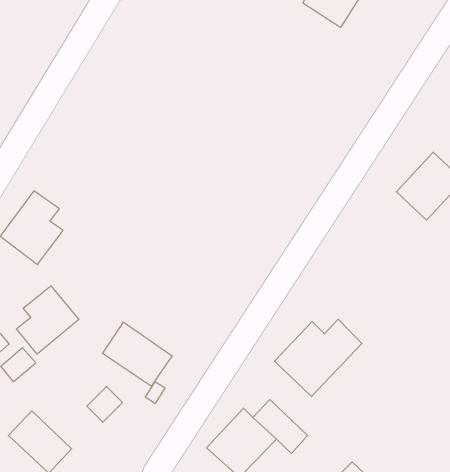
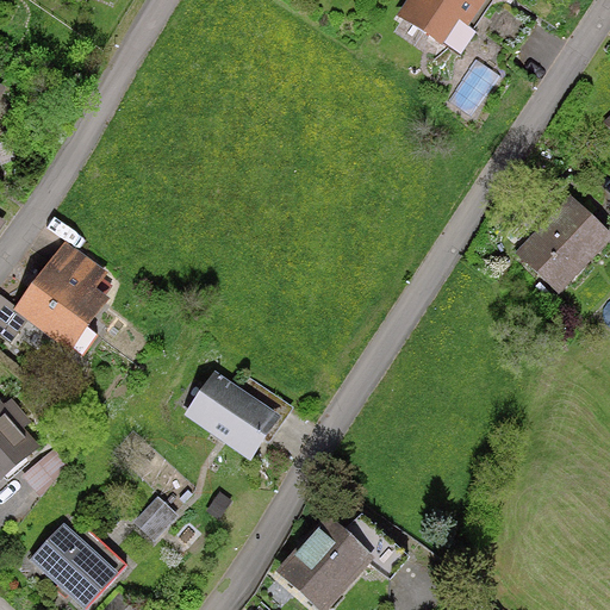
building: [16,286,79,354] -> none
building: [274,319,362,397] -> none
building: [102,322,172,386] -> [187,375,275,456]

